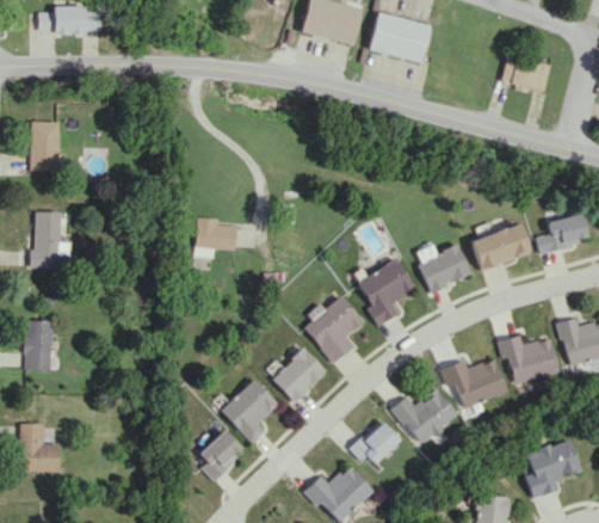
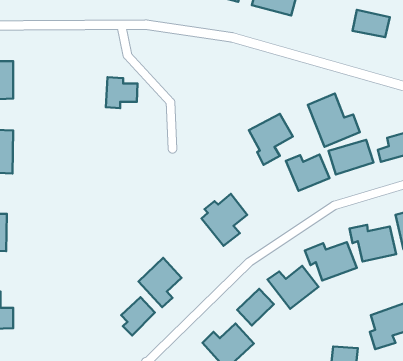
building: none -> [308,94,360,147]
building: [194,217,236,258] -> [106,77,138,108]
building: [358,259,415,326] -> [249,114,293,165]
building: [272,349,326,401] -> none

